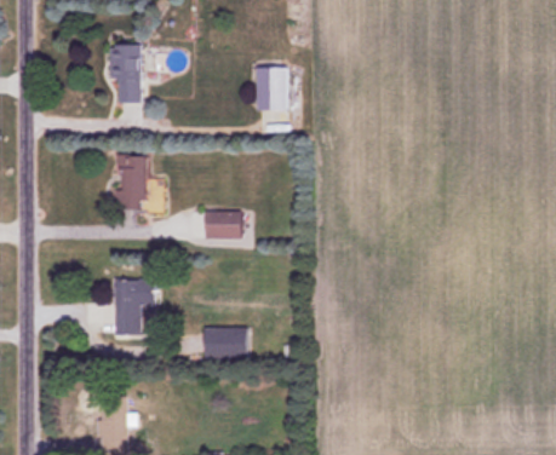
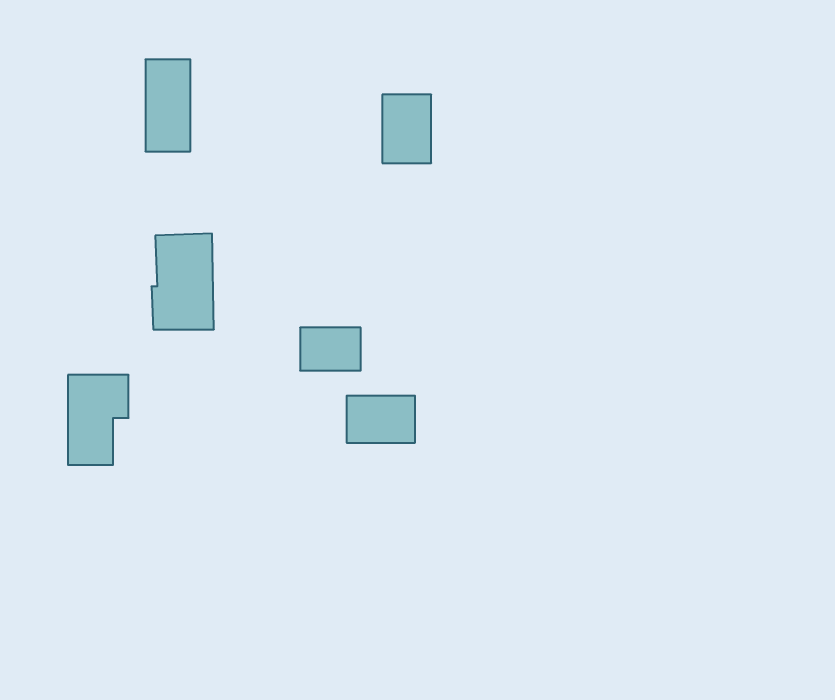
building: [114,280,151,335] -> [68,375,129,465]
building: [206,329,248,358] -> [347,396,415,443]

